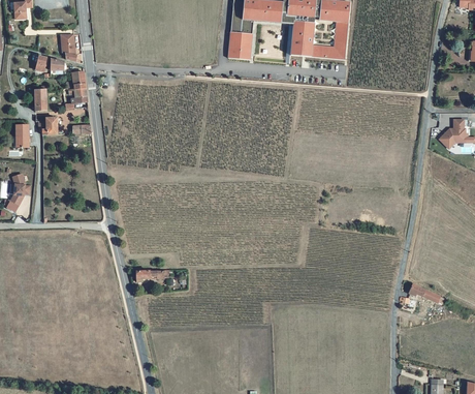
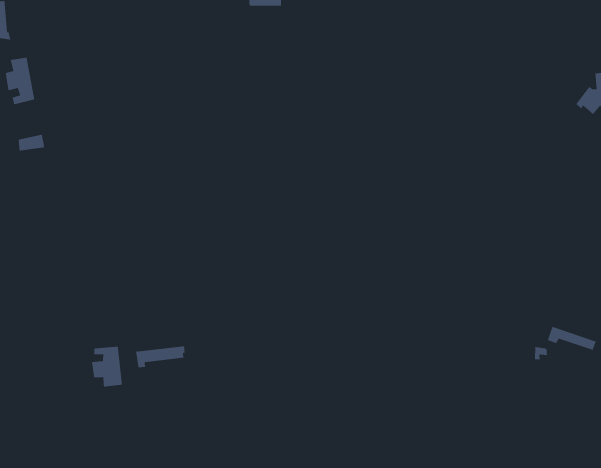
building: none -> [91,346,123,388]

